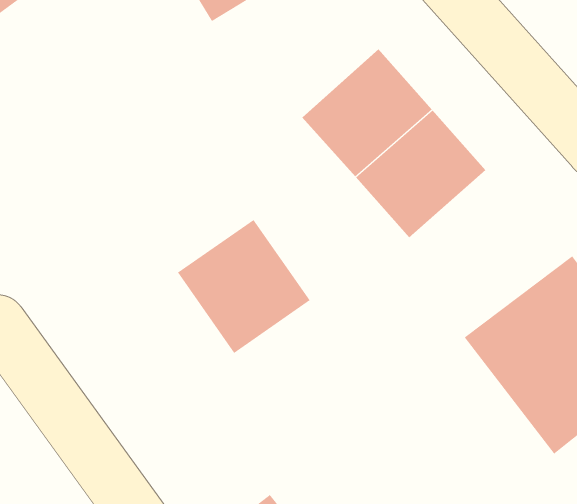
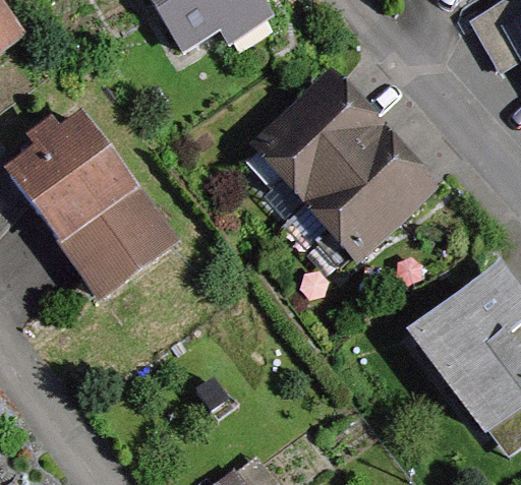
building: none -> [11,114,173,294]
building: [177,219,310,354] -> none

